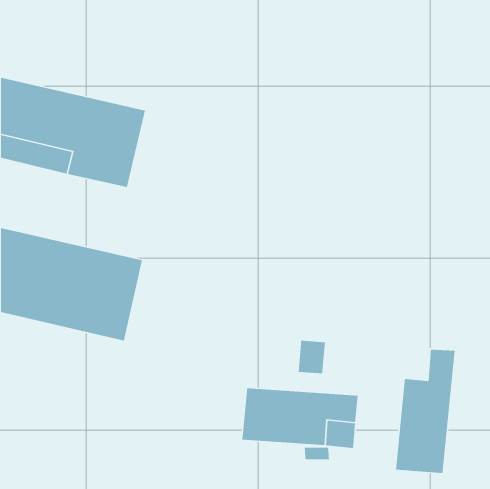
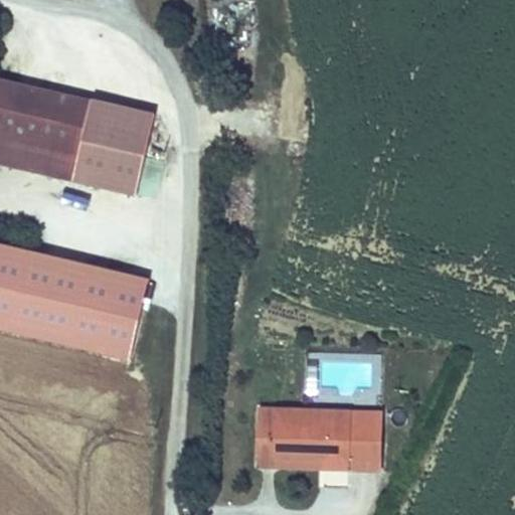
building: [298,340,326,374] -> none
building: [395,349,456,474] -> none

